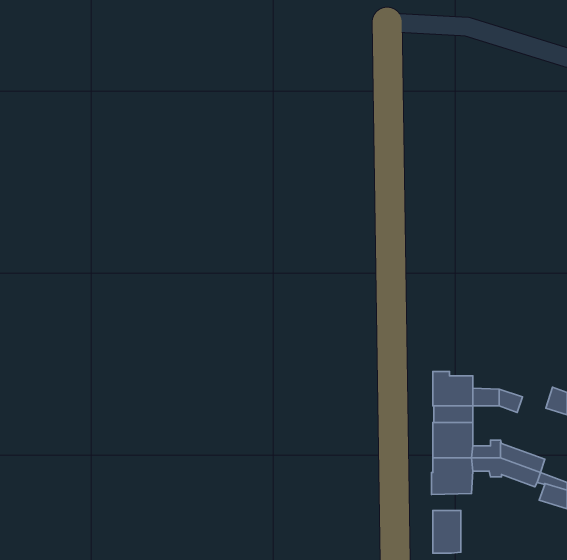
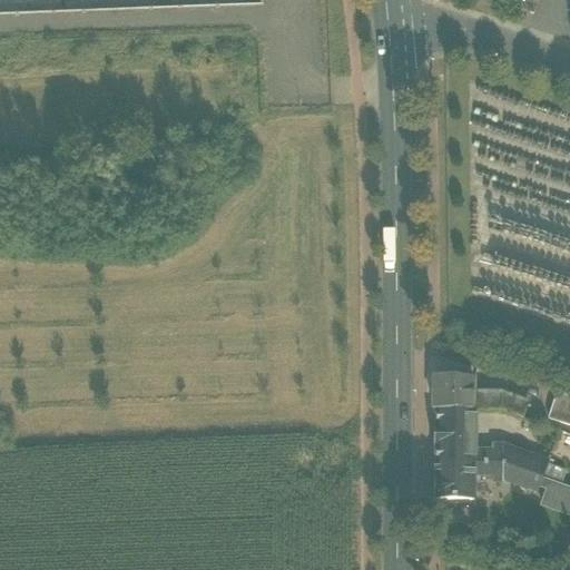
building: [433,510,461,553] -> none

